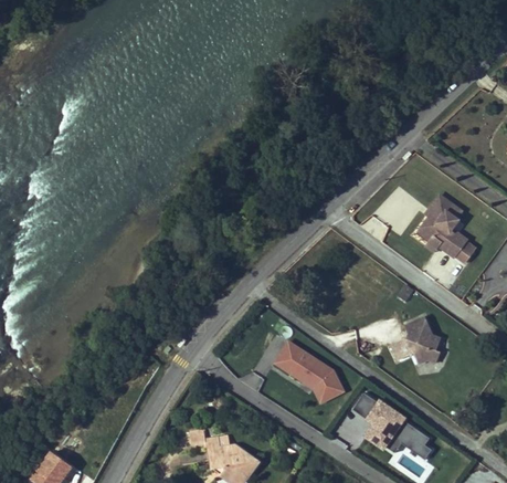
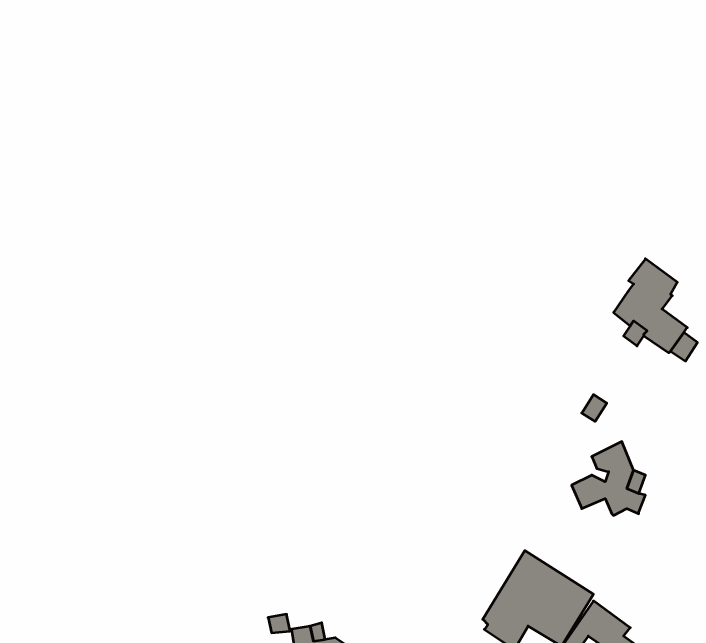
building: [272,321,345,403] -> none

